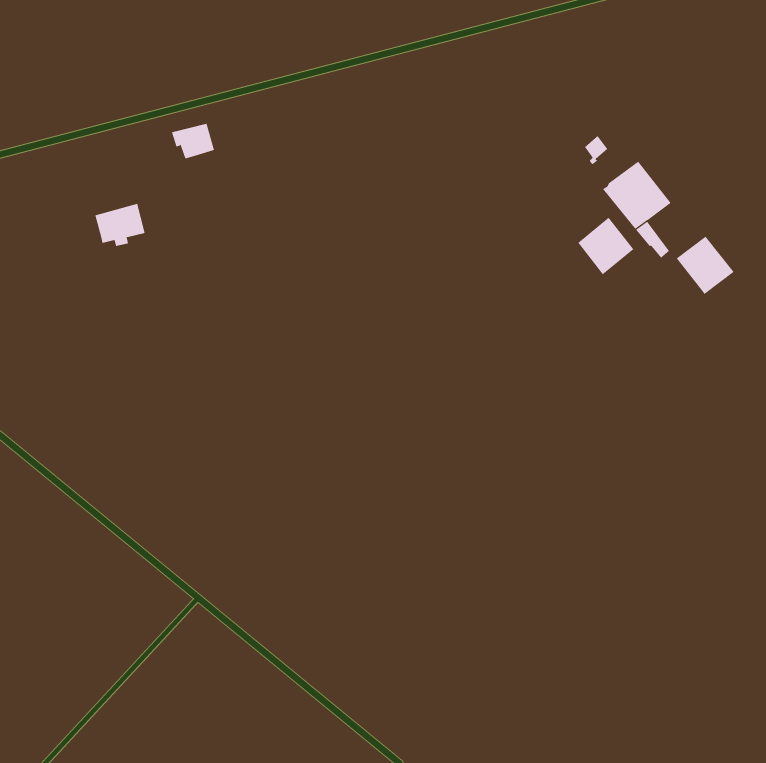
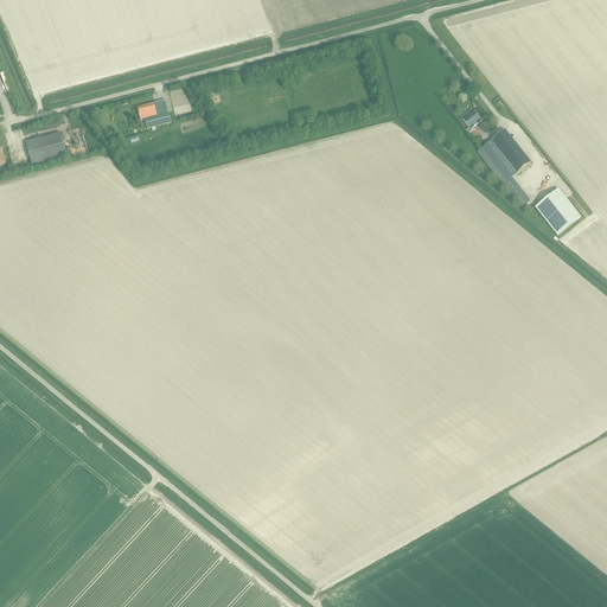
building: [94,203,145,247] -> [24,129,64,164]
building: [577,217,634,275] -> none

